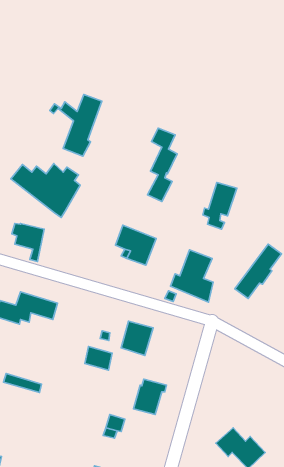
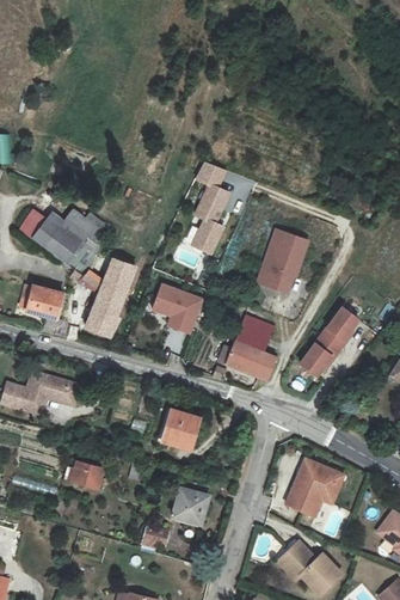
building: [50,94,102,156] -> [69,258,135,336]
building: [85,346,112,370] -> [72,459,106,489]
building: none -> [285,457,344,514]

